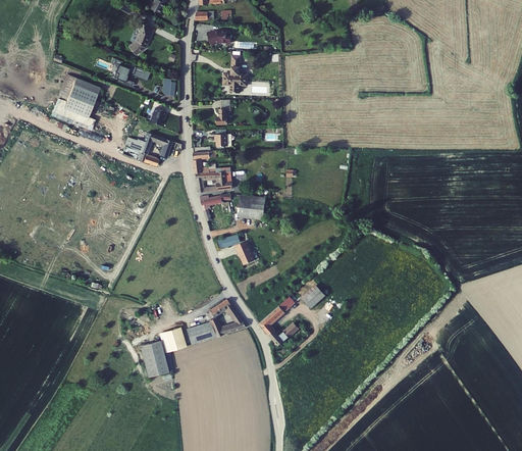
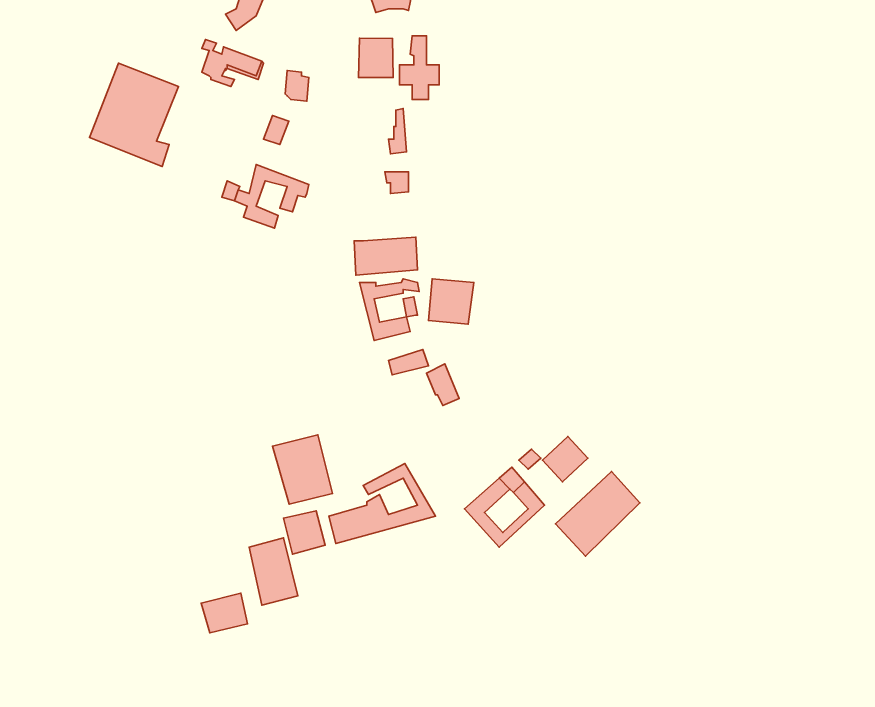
building: none -> [359,38,393,78]
building: none -> [272,435,333,504]
building: none -> [556,472,640,556]
building: none -> [201,593,247,633]

